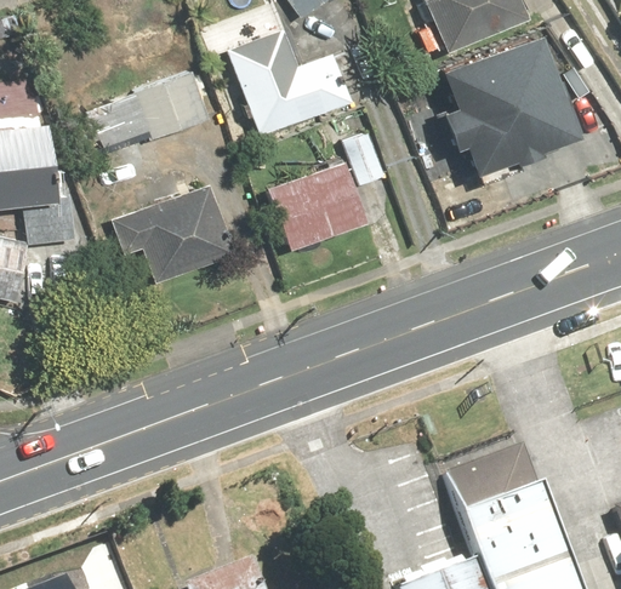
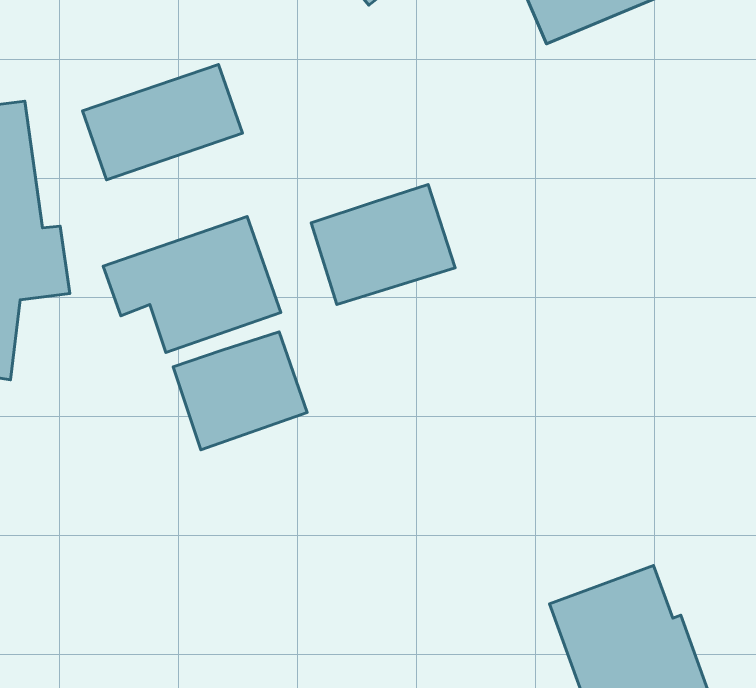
building: [227,27,357,144] -> none
building: [427,30,570,175] -> none
building: none -> [173,332,307,450]

